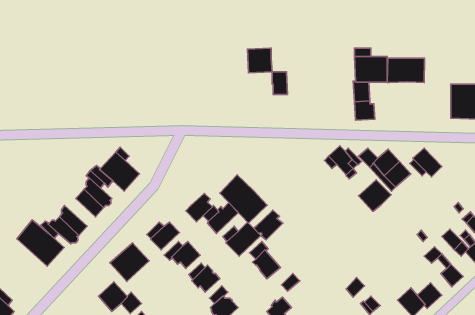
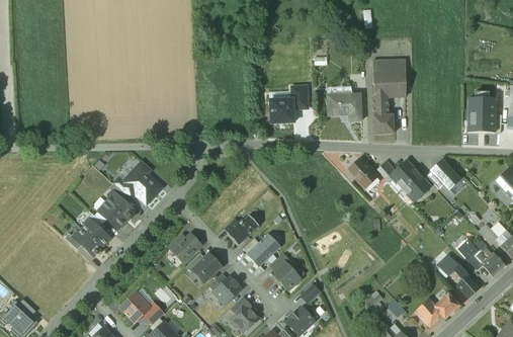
building: [247,48,272,73] -> [270,98,294,122]
building: [387,58,425,82] -> none
building: none -> [328,93,362,120]
building: [220,175,267,223] -> none
building: [359,180,391,211] -> none
building: [186,193,212,222] -> none
building: [254,210,283,240] -> none
building: [17,220,64,266] -> none
building: [110,243,149,281] -> none

